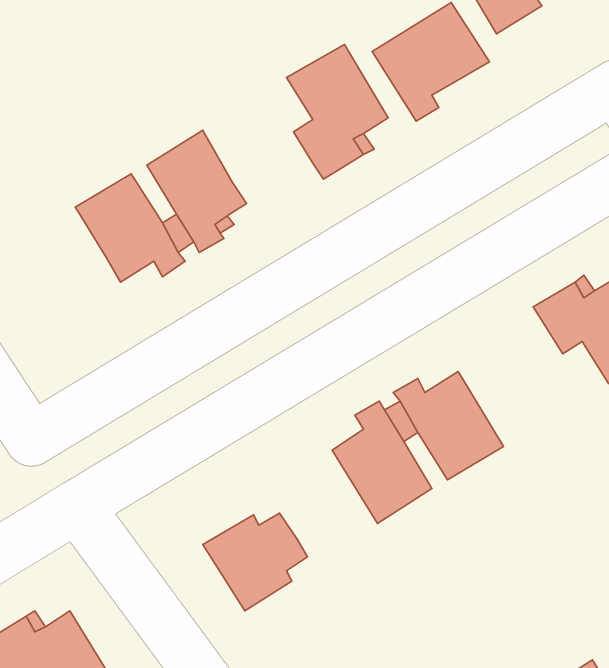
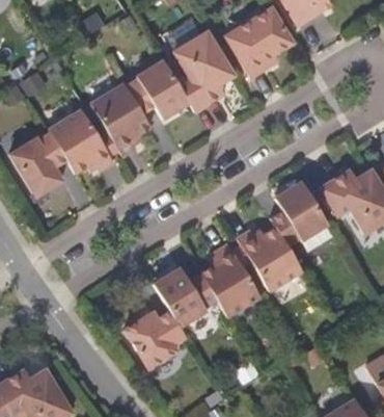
building: none -> [125,58,189,120]
building: none -> [9,132,66,196]
building: none -> [270,182,327,245]
building: none -> [153,268,217,327]

